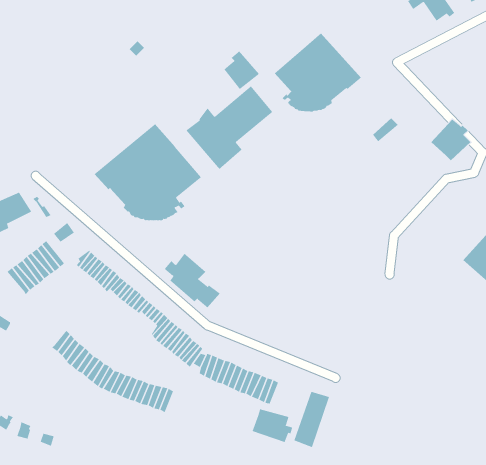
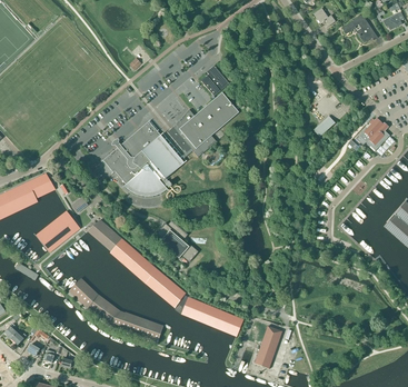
building: [274,33,362,112] -> none
building: [252,408,293,443] -> none

